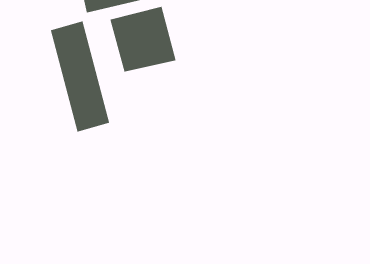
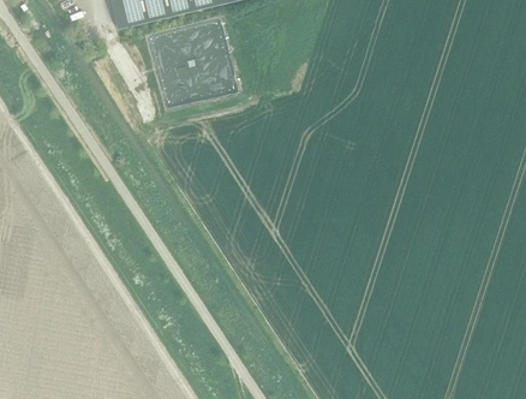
building: [50,20,110,132] -> none

